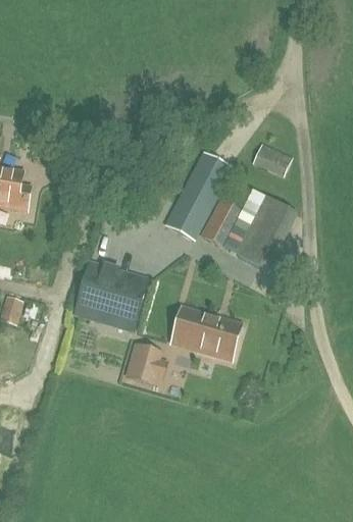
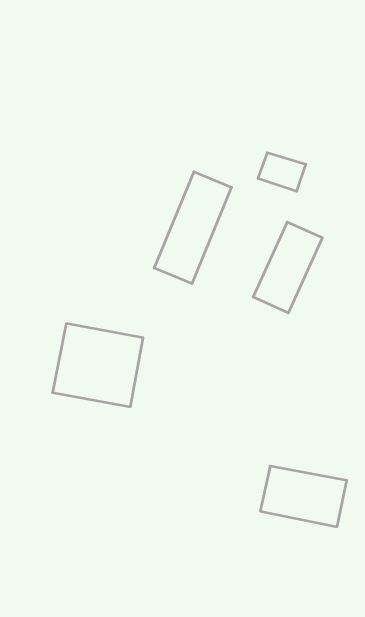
building: [200,198,245,247] -> none
building: [171,307,242,360] -> [260,466,347,527]
building: [123,343,167,385] -> none

